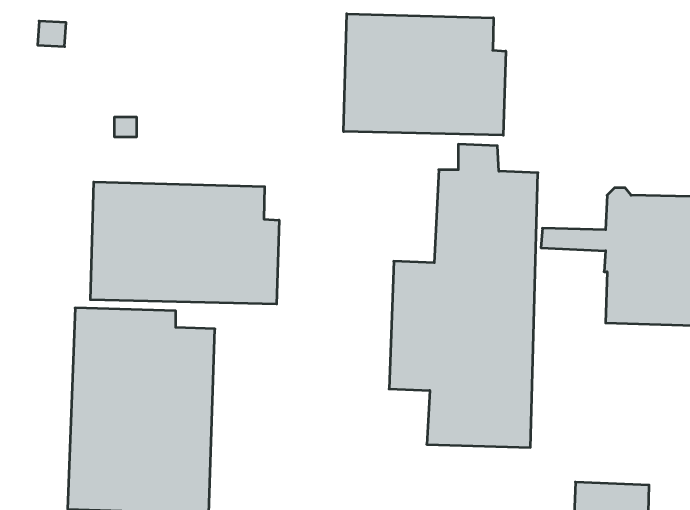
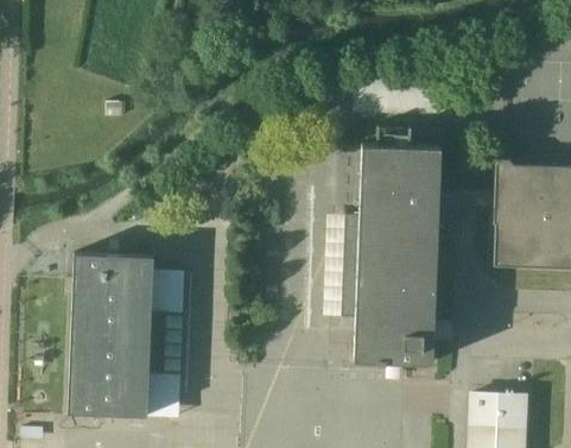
building: [344,14,506,135] -> none
building: [90,182,279,304] -> none

